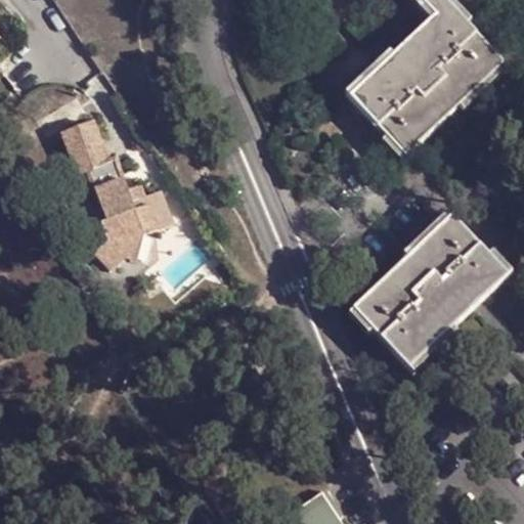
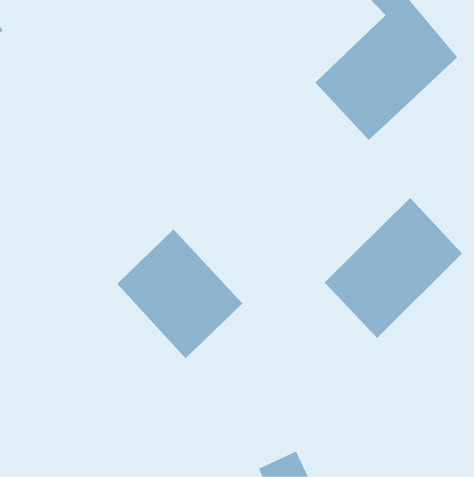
building: [63,114,180,269] -> none
building: none -> [117,228,243,359]

